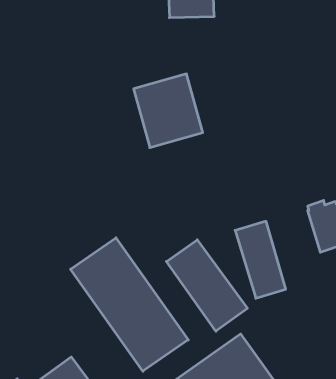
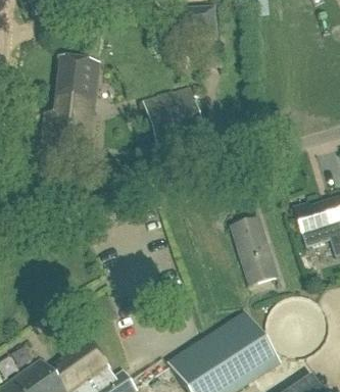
building: none -> [41,55,98,150]
building: [71,238,188,371] -> none
building: [166,240,247,331] -> none

